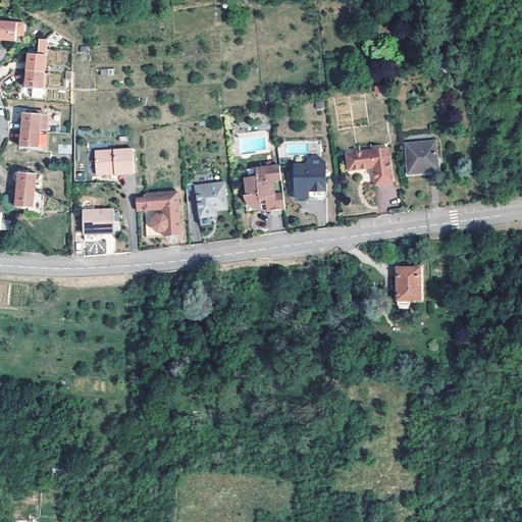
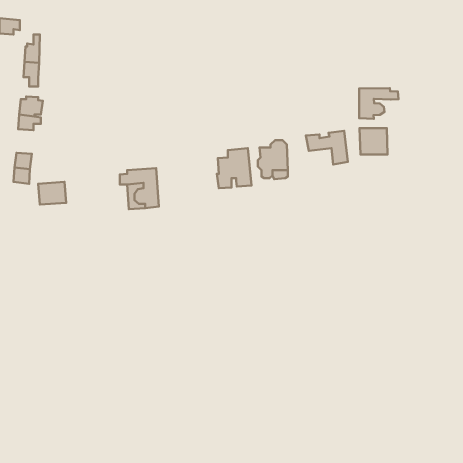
building: none -> [359,88,398,119]
building: [93,147,132,172] -> none
building: [196,181,226,215] -> none
building: [82,209,113,234] -> [38,182,66,205]
building: [395,268,417,301] -> none

